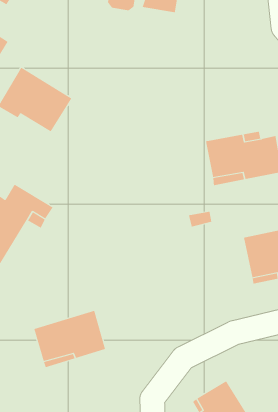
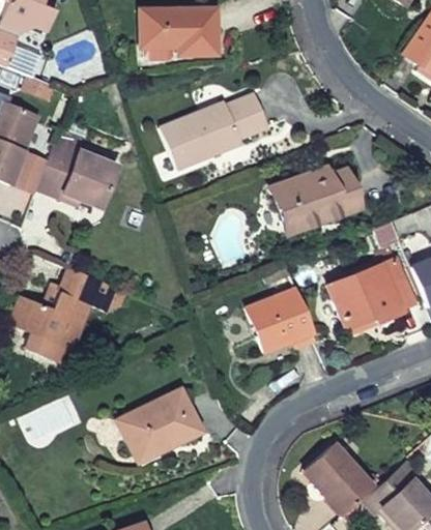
building: none -> [162,92,269,167]
building: none -> [248,287,315,351]

